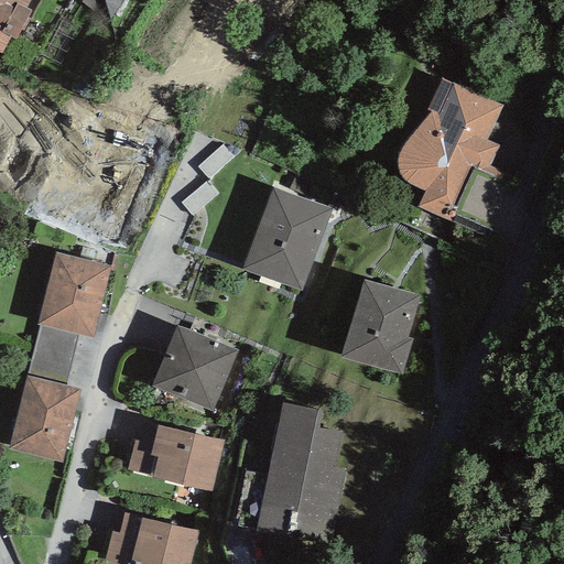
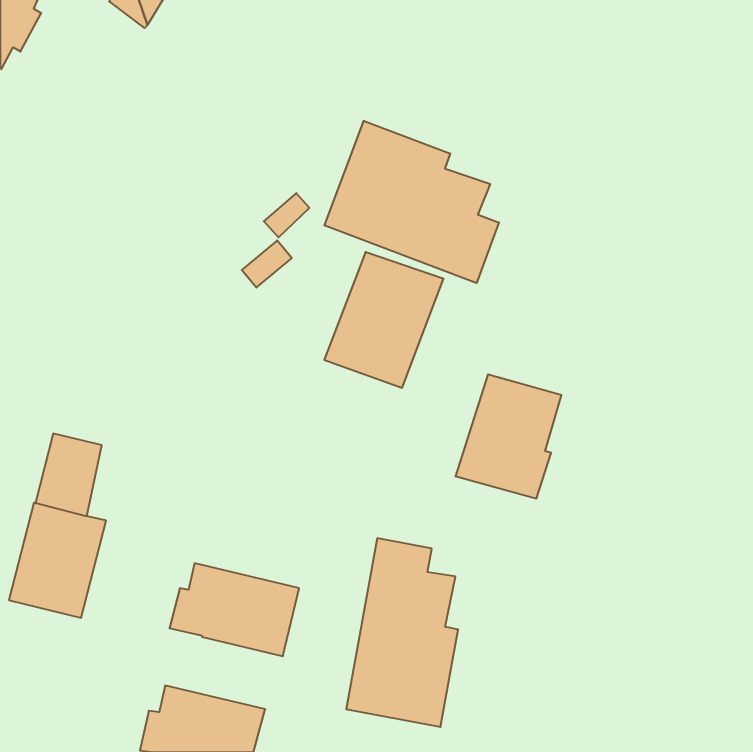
building: [398,77,516,231] -> none
building: none -> [325,121,499,283]
building: [36,251,110,337] -> none
building: [151,325,237,411] -> none

